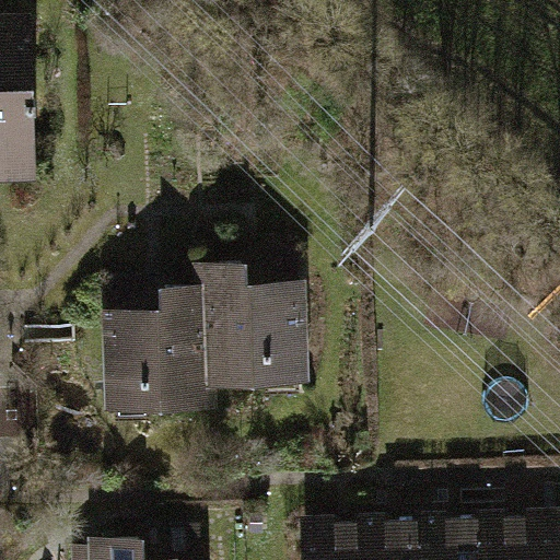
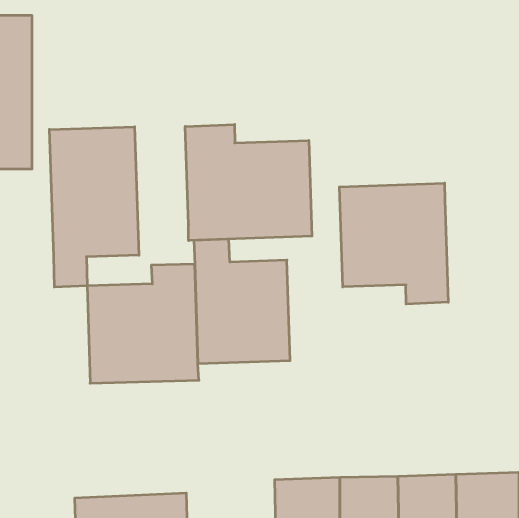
building: none -> [185,124,312,241]
building: none -> [49,127,139,287]
building: none -> [339,183,448,304]

